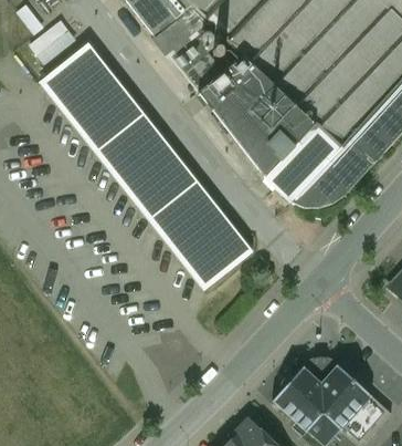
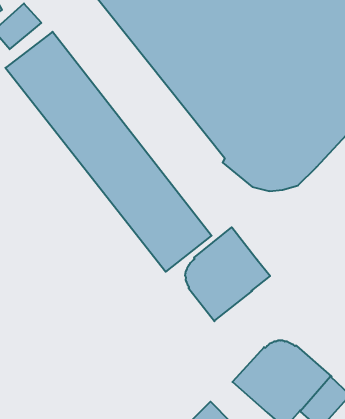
building: none -> [185,227,270,321]

